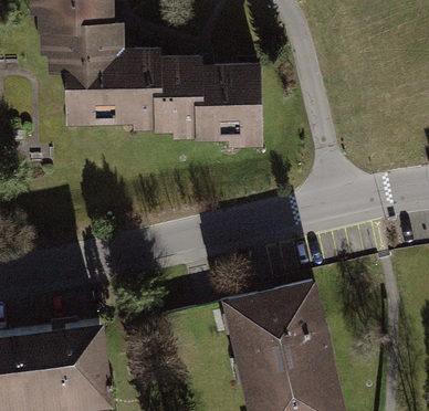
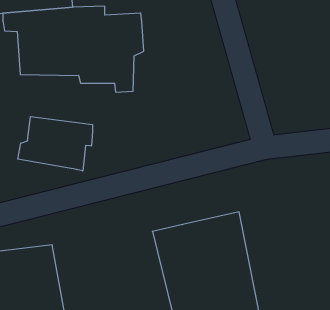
building: [197,60,268,147] -> none
building: none -> [18,117,93,171]

